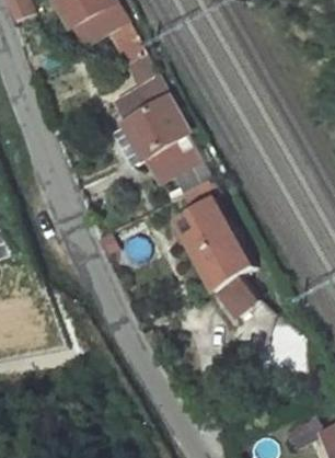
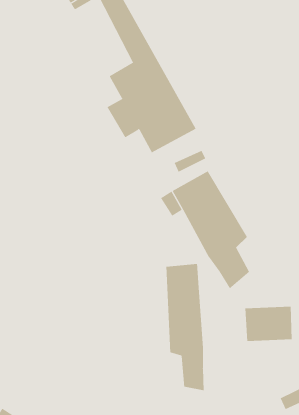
building: none -> [166,263,204,391]

